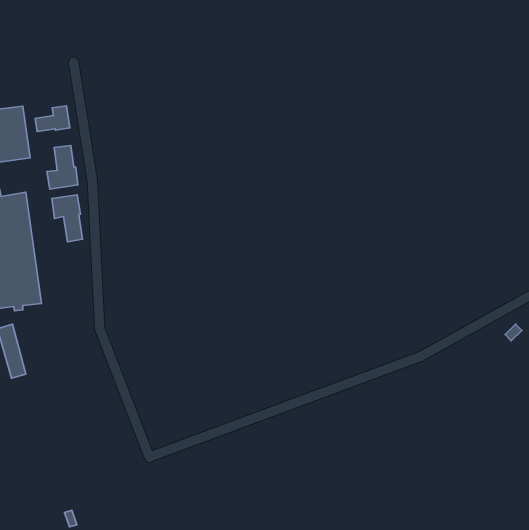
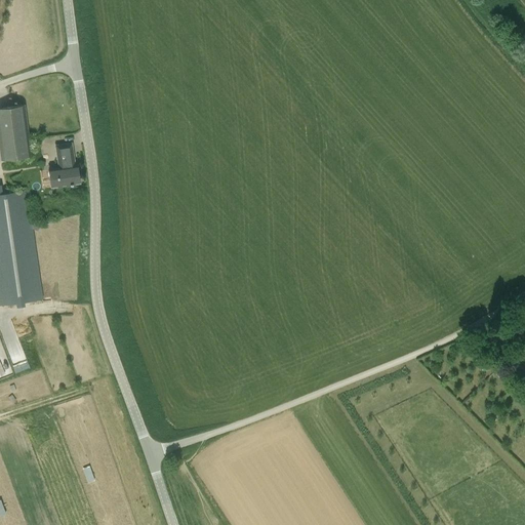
building: [35,106,70,131] -> none
building: [52,195,82,242] -> none

